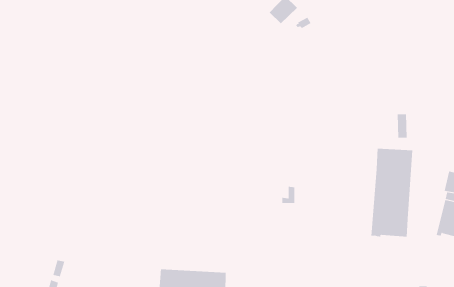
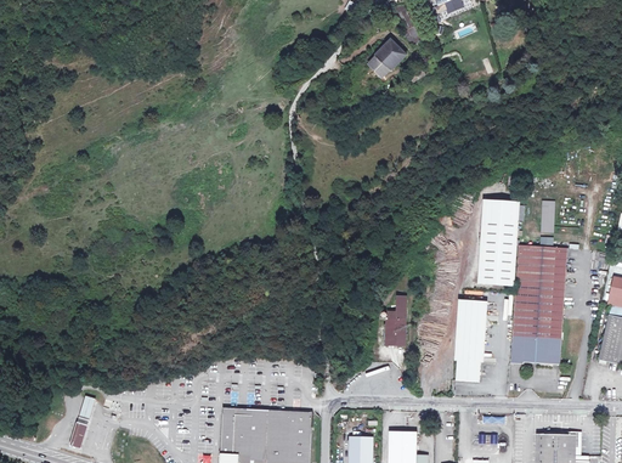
building: none -> [473,199,516,287]
building: none -> [454,298,490,380]
building: none -> [385,318,405,345]

